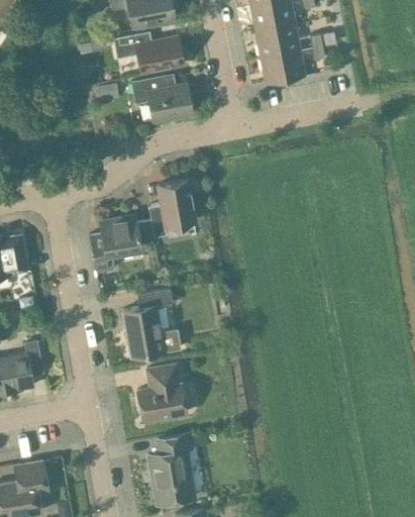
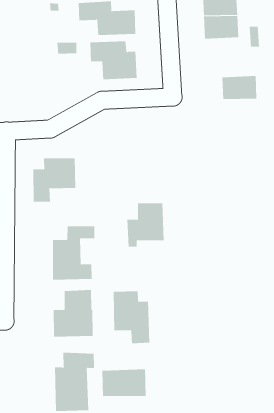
building: [262,49,306,83] -> [221,75,257,100]
building: [149,180,196,236] -> [127,203,164,247]
building: none -> [113,291,150,344]
building: none -> [102,369,146,397]

